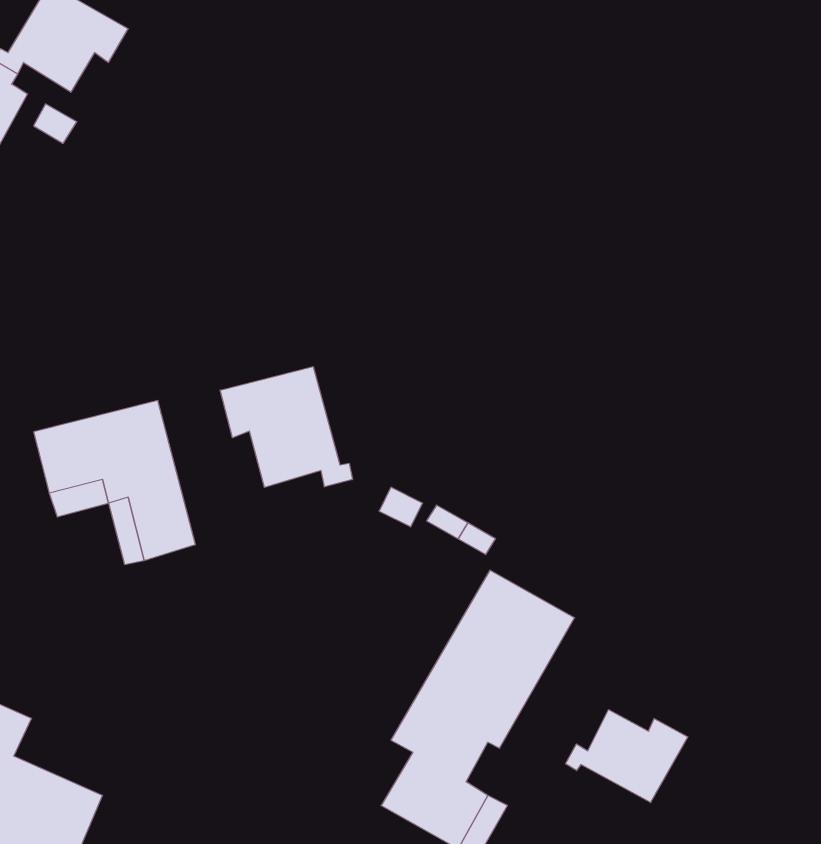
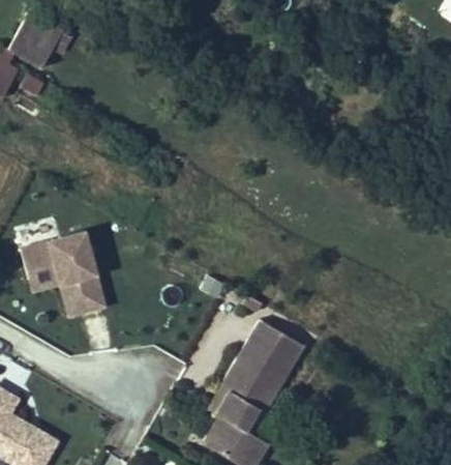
building: [220,367,352,487] -> none
building: [566,710,688,803] -> none

